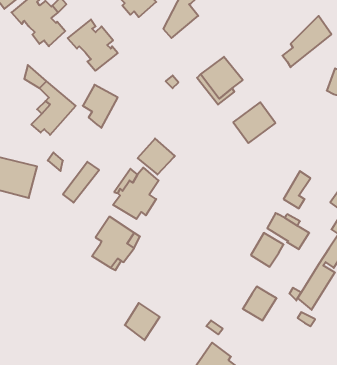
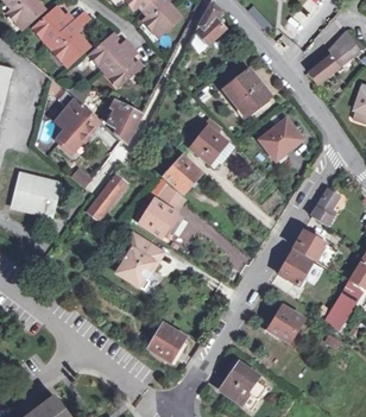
building: none -> [188,120,232,162]

